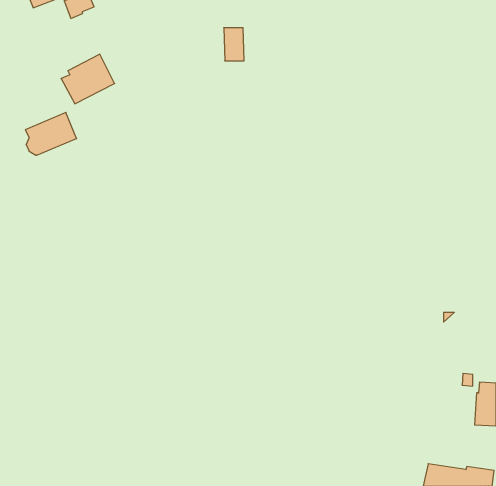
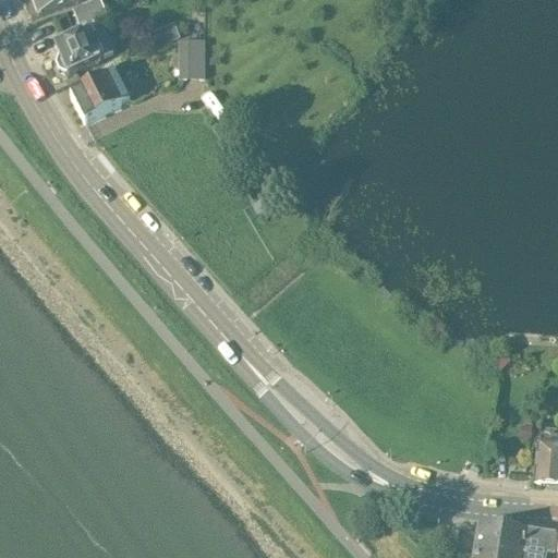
building: [224,28,244,61] -> [181,34,204,71]
building: [25,112,77,155] -> [53,21,111,69]

